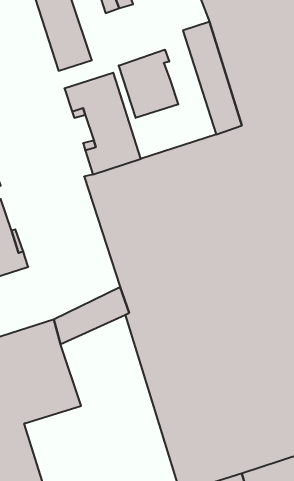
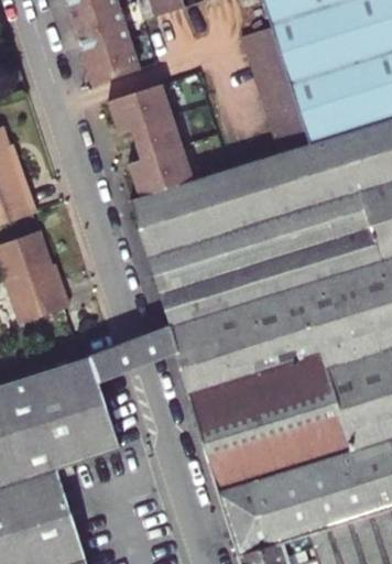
building: [119,50,178,118] -> none

